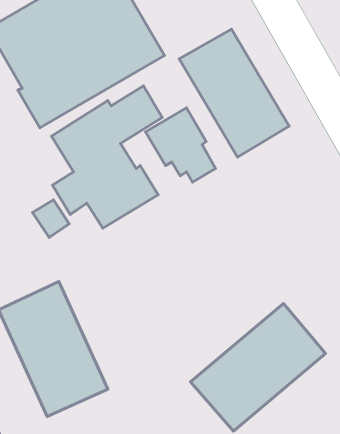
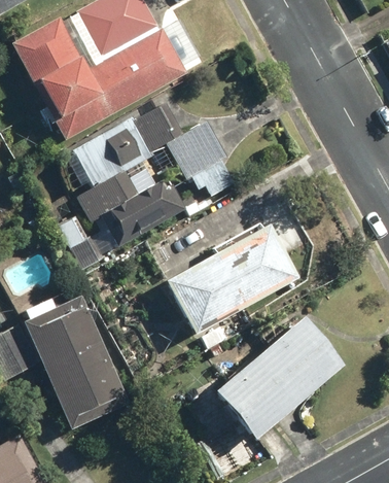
building: [179,29,289,157] -> none
building: none -> [164,225,296,337]

